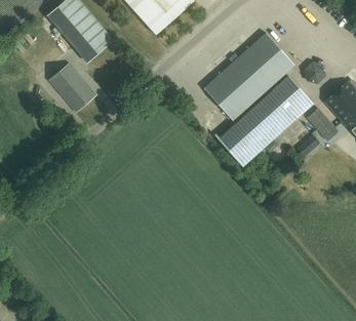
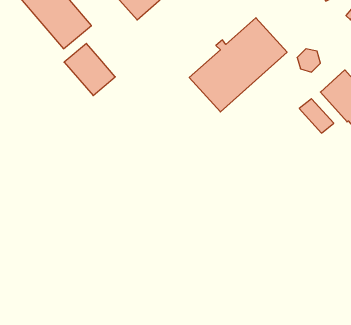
building: [49,64,96,112] -> [64,43,115,96]
building: [217,76,314,166] -> none

